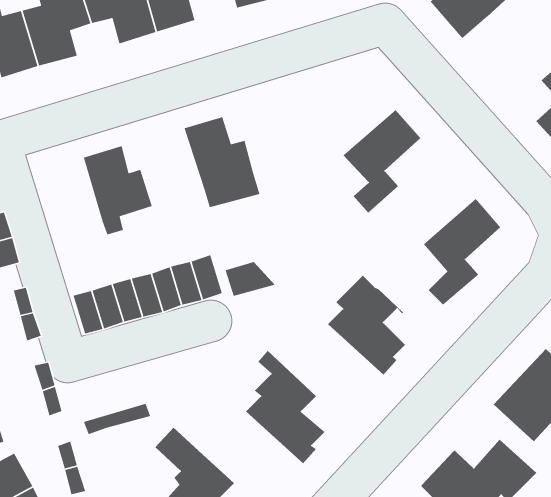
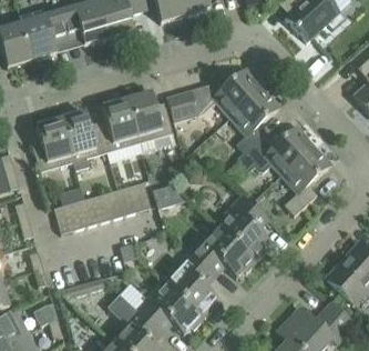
building: none -> [166,69,263,123]
building: none -> [98,100,139,151]
building: none -> [32,119,72,172]
building: none -> [238,127,315,175]
building: none -> [180,228,255,278]
building: none -> [135,284,203,334]

